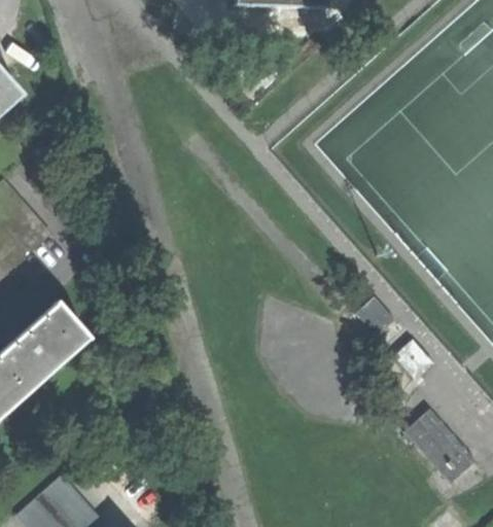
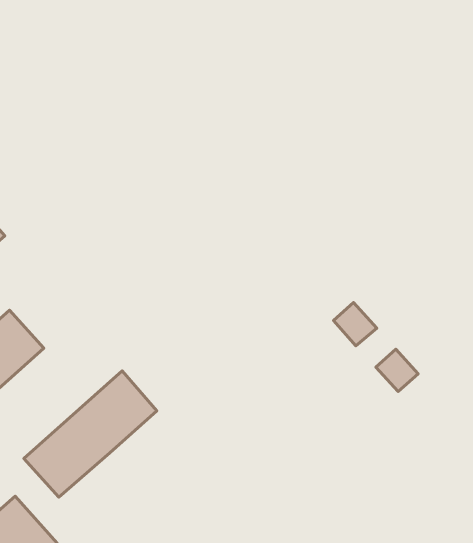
building: none -> [24,371,157,497]
building: [403,409,476,483] -> none

